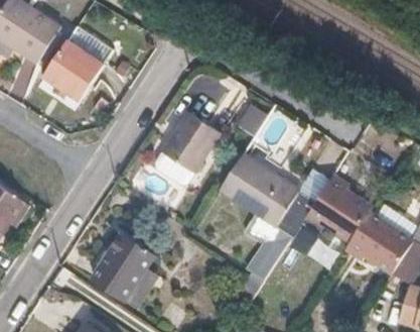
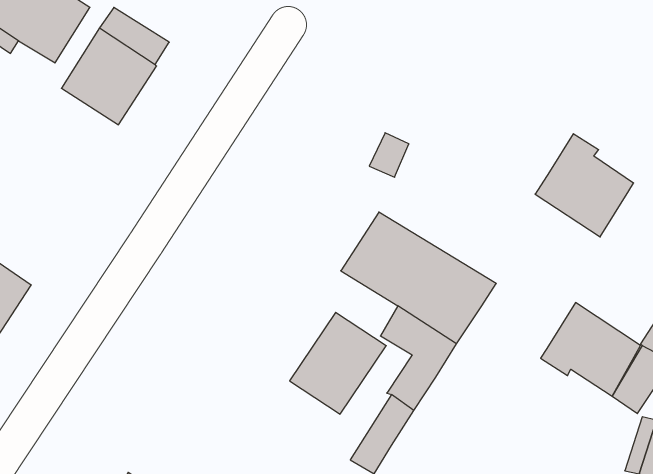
building: [161,117,220,177] -> none
building: [310,177,373,242] -> [535,134,634,237]
building: [93,238,154,303] -> [290,312,386,414]

